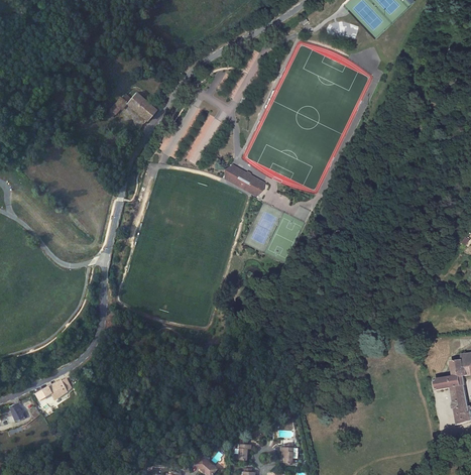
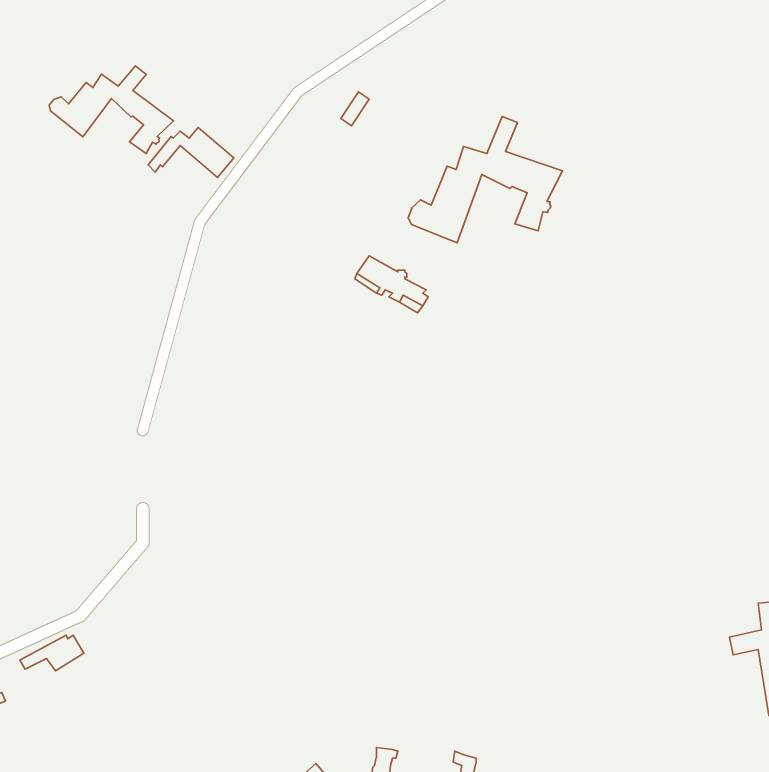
building: none -> [49,66,173,154]
building: none -> [408,116,563,243]

